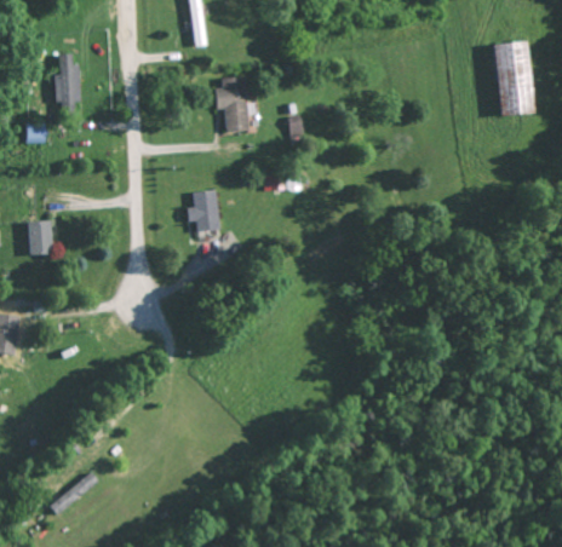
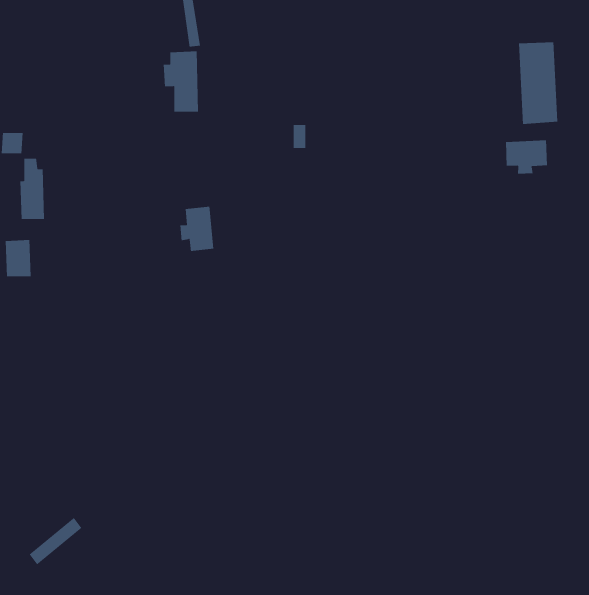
building: [56,54,79,110] -> [19,158,45,219]
building: [214,76,247,132] -> [163,51,199,112]
building: none -> [505,140,547,175]

